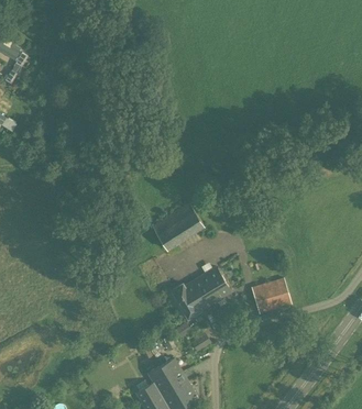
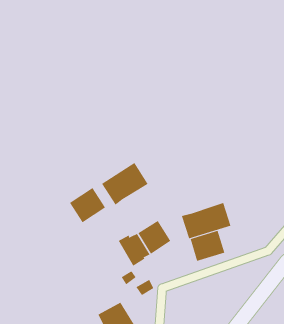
building: none -> [69,187,106,223]
building: none -> [181,202,231,239]

